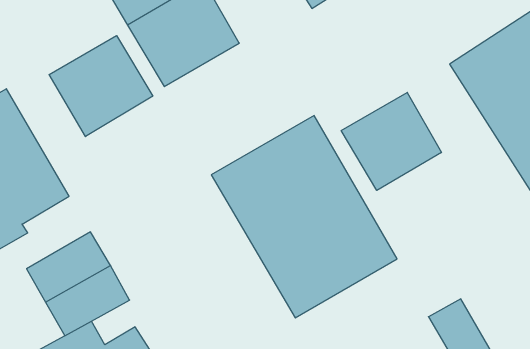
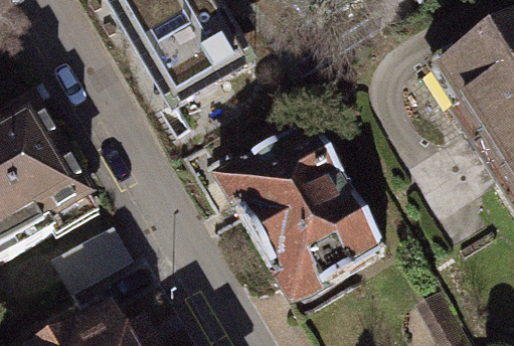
building: [49,36,153,137] -> none
building: [341,92,441,190] -> none

